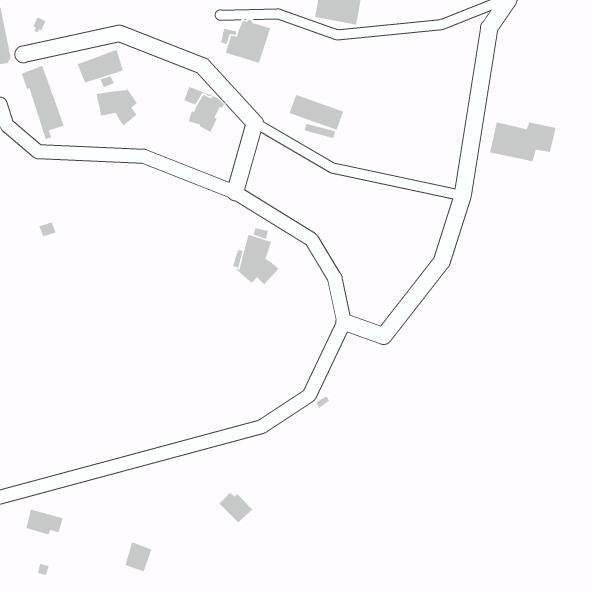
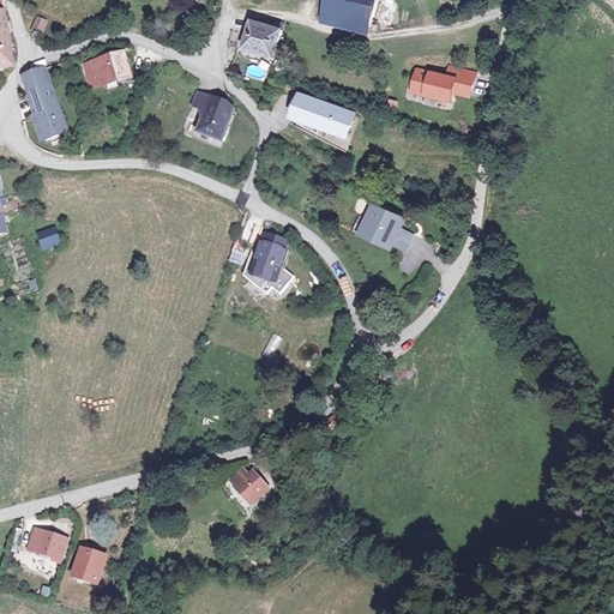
building: [96,83,138,127] -> none
building: [489,122,556,162] -> [407,64,476,106]
building: none -> [359,200,413,247]
building: [219,492,253,523] -> [229,465,265,498]
building: [125,541,152,572] -> [74,548,103,580]

